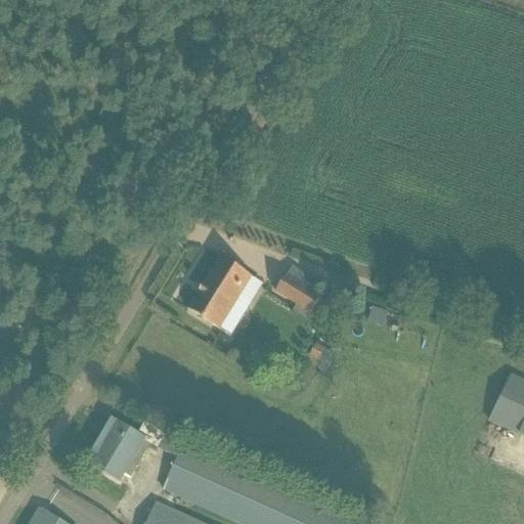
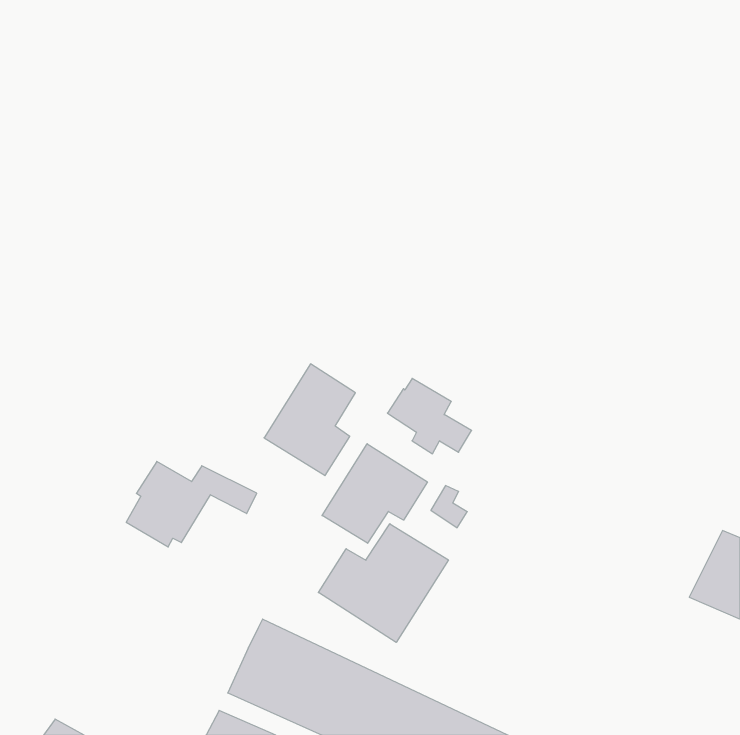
building: none -> [322,444,427,543]
building: none -> [318,524,448,642]
building: [90,421,182,481] -> [126,461,257,547]

